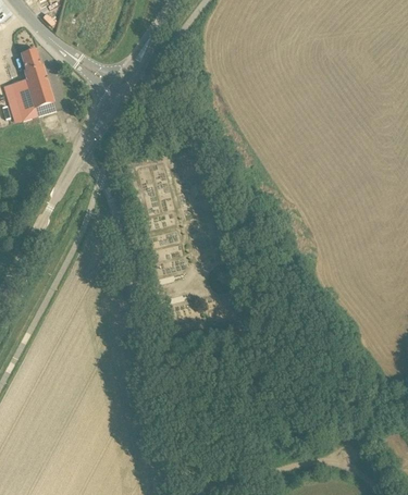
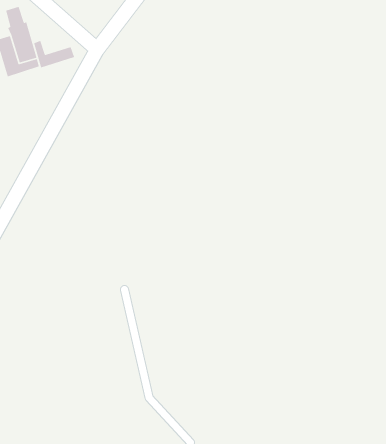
building: none -> [33,40,75,69]

